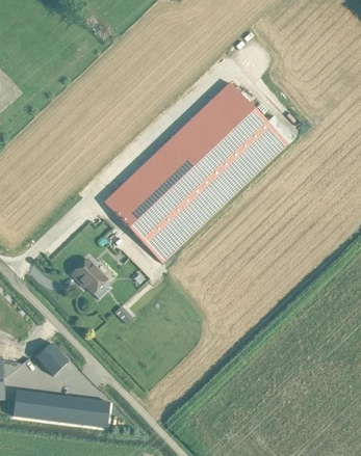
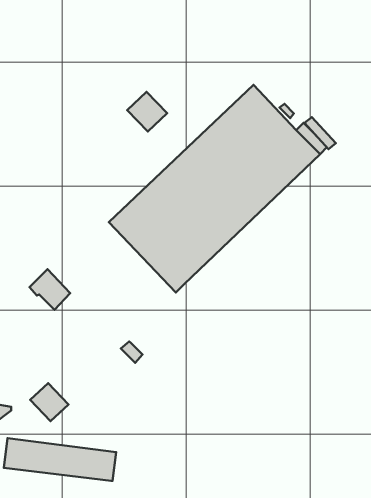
building: none -> [127,92,167,132]
building: [72,258,107,293] -> [30,269,70,310]

